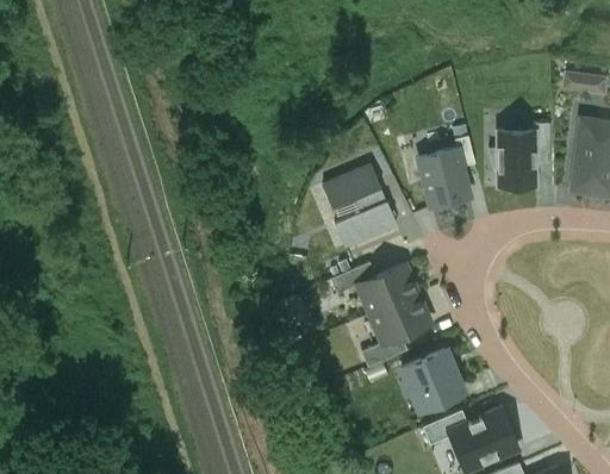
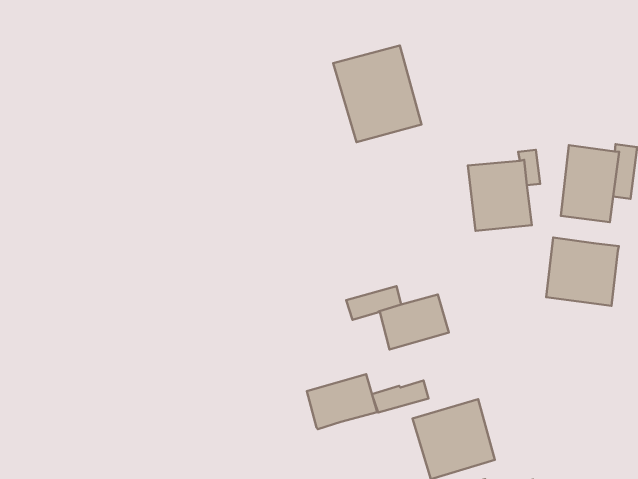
building: [318,164,397,248] -> [333,46,422,142]
building: none -> [546,238,619,306]
building: [371,295,430,345] -> [307,374,377,429]

